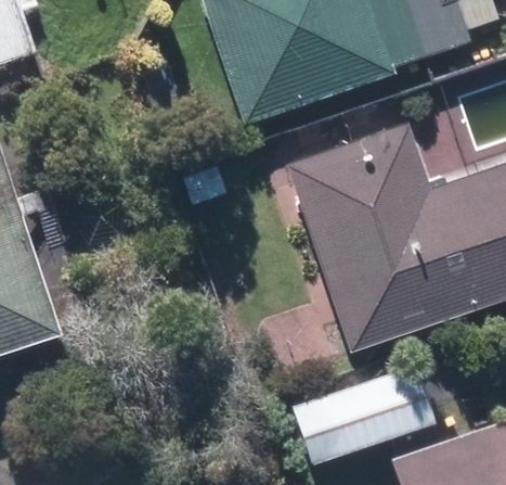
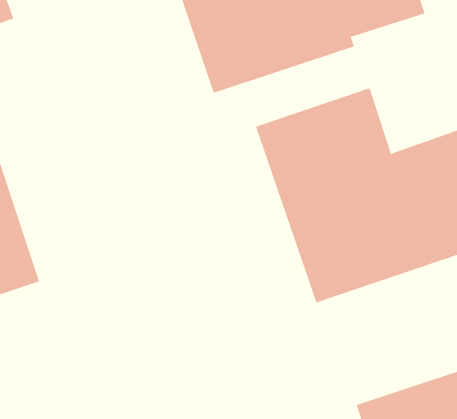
building: [291,367,434,464] -> none

